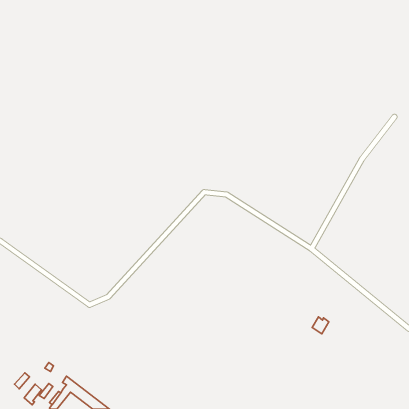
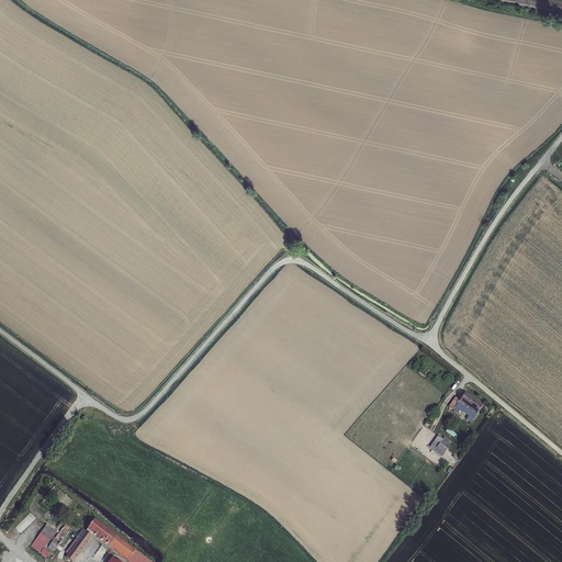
building: none -> [447,392,482,422]

